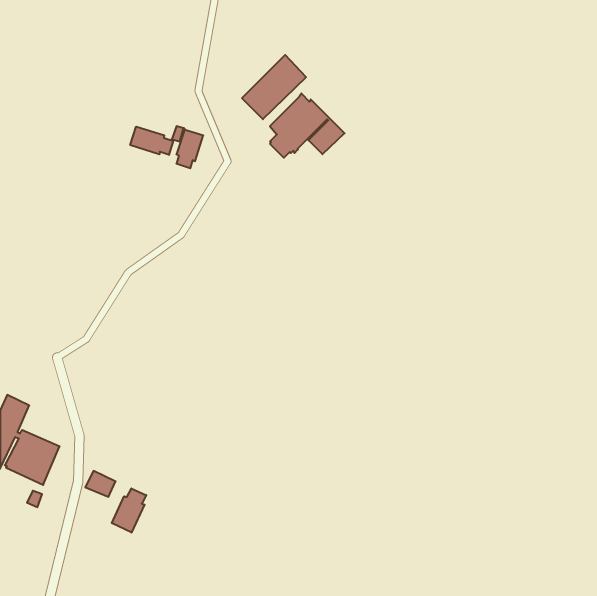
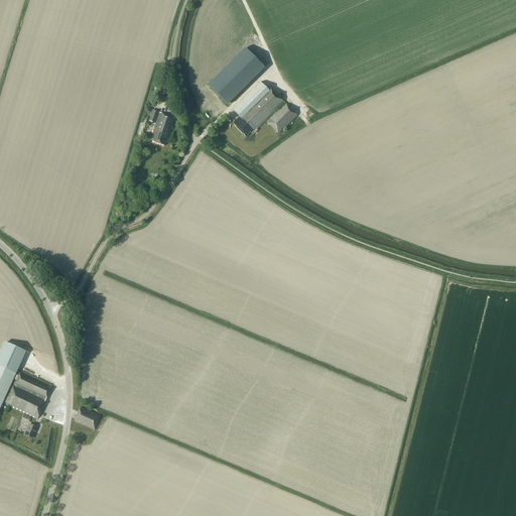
building: [130,127,173,155] -> none
building: [112,488,146,533] -> none

